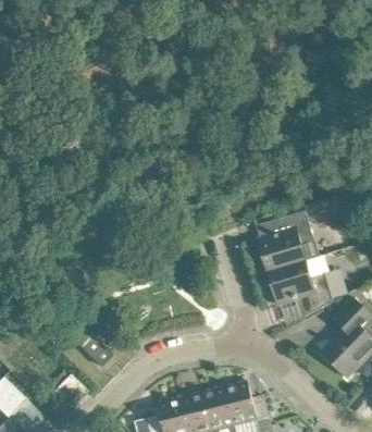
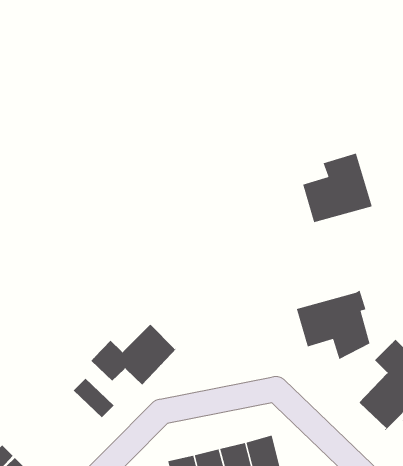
building: [258,210,319,271] -> [302,153,373,223]
building: none -> [90,323,177,385]

